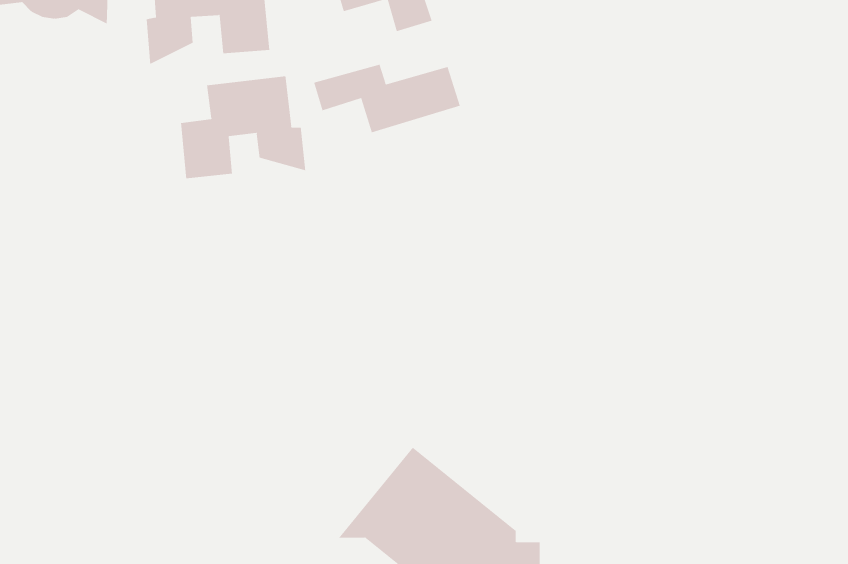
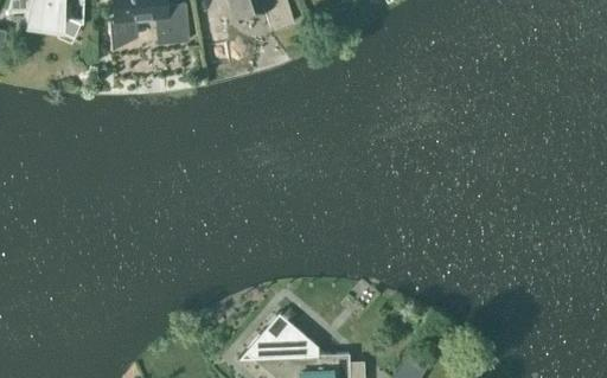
building: [313,64,461,133] -> none
building: [180,75,306,179] -> none

